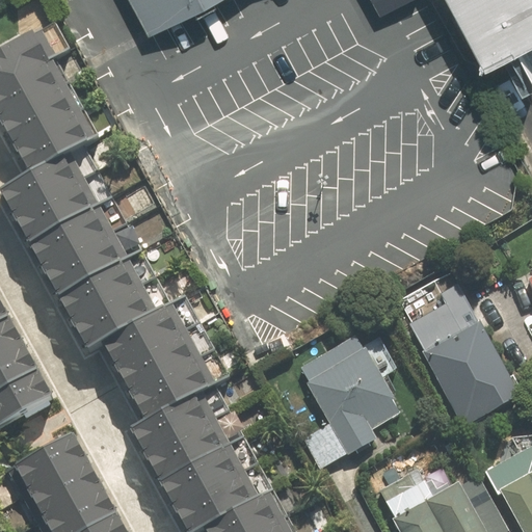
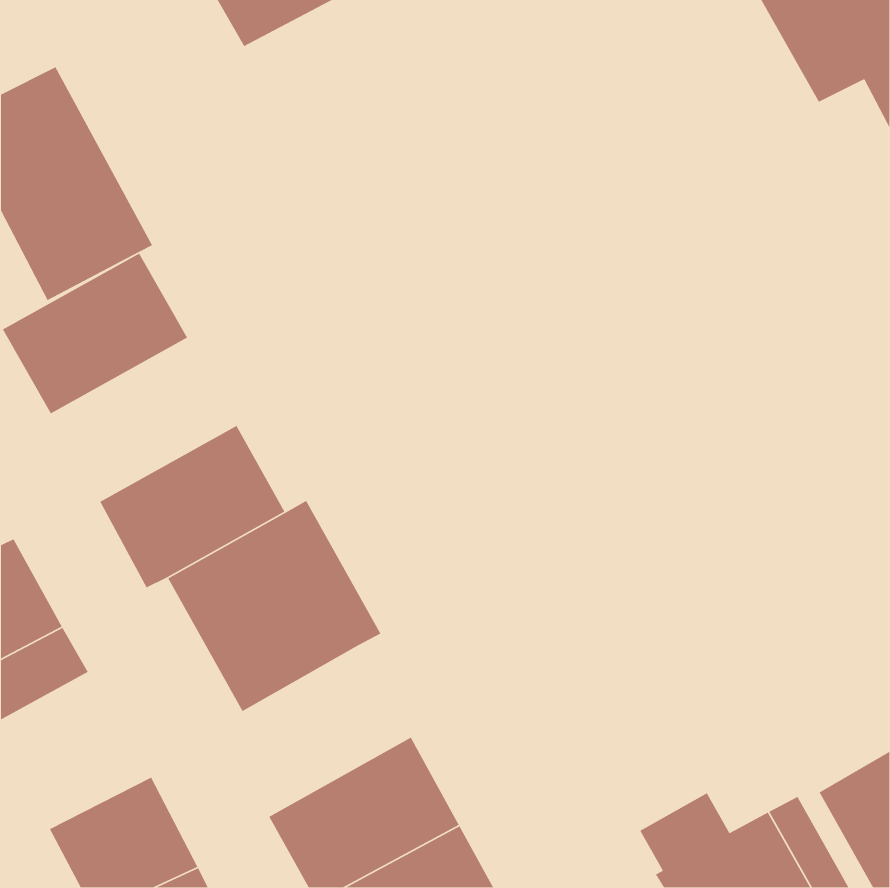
building: [30,202,141,299] -> none
building: [406,286,521,430] -> none
building: [299,338,400,471] -> none
building: [130,385,245,487] -> none
building: [16,436,90,495] -> none

